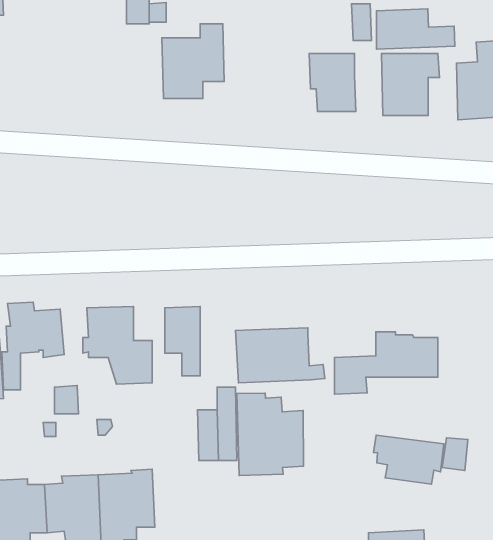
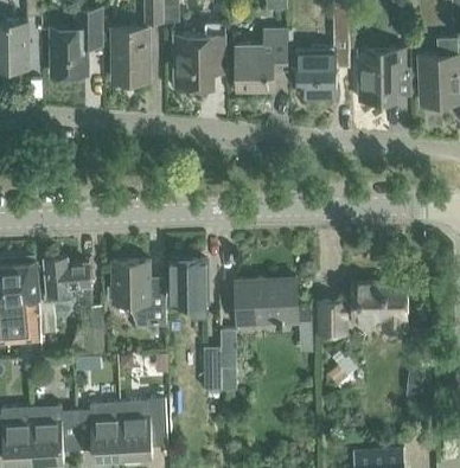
building: none -> [51,9,102,76]
building: [376,9,455,49] -> none
building: none -> [113,28,149,82]
building: none -> [236,31,288,92]
building: [237,393,304,475] -> none
building: [373,435,444,484] -> none

